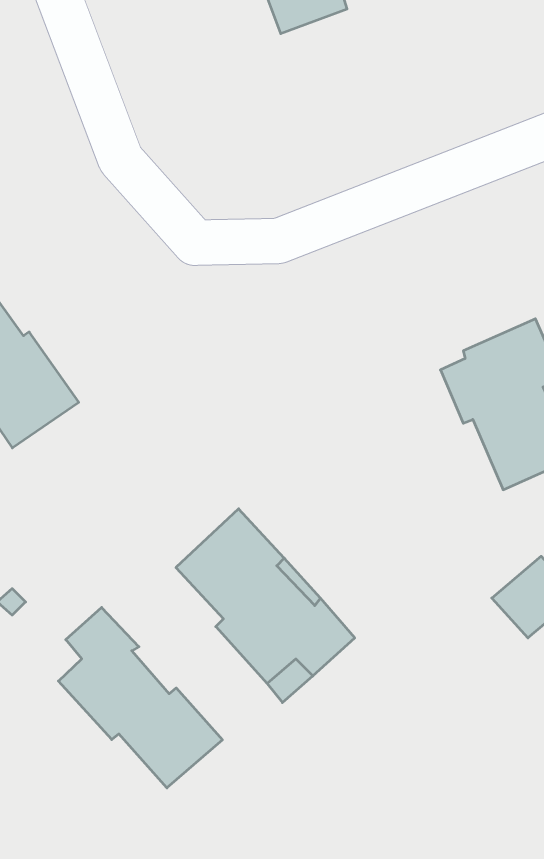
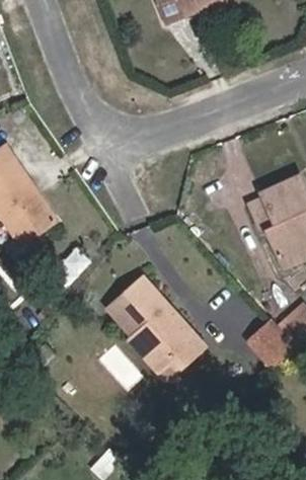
building: none -> [249,320,296,367]
building: [58,607,222,788] -> none

